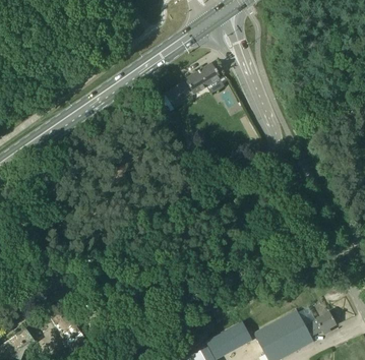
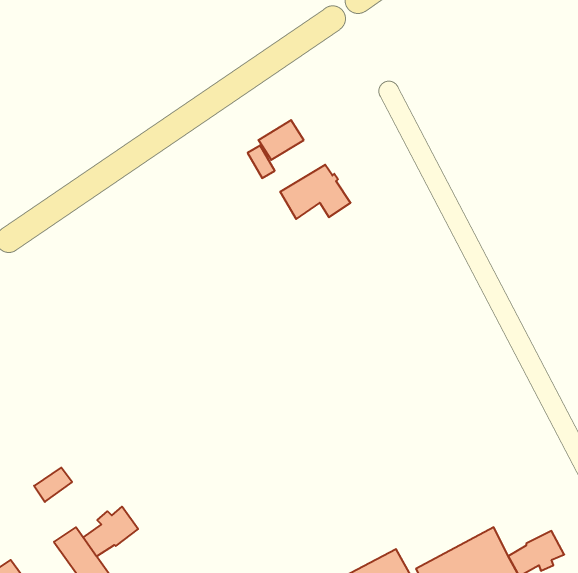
building: [185,63,225,94] -> [280,165,351,219]
building: none -> [83,507,138,556]

